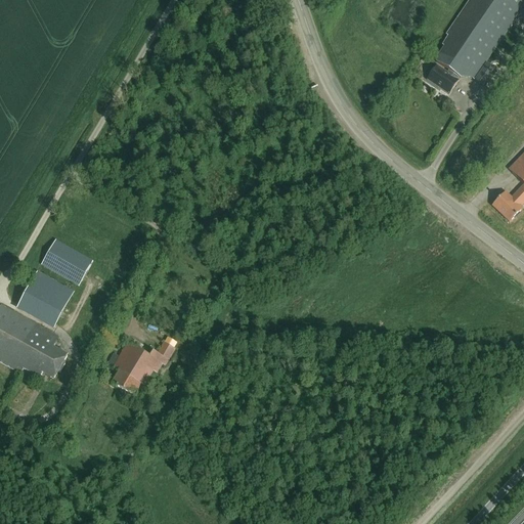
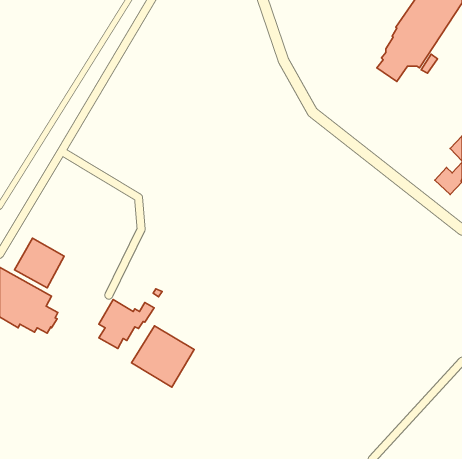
building: [40,236,92,282] -> none
building: none -> [132,326,194,387]

